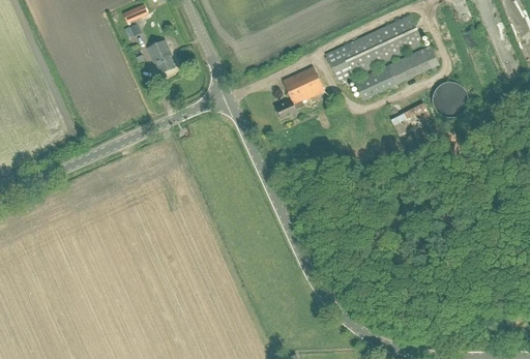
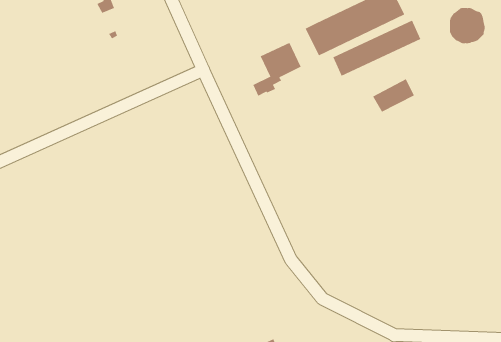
building: [148,39,176,72] -> none
building: [433,82,468,117] -> [449,8,486,44]

